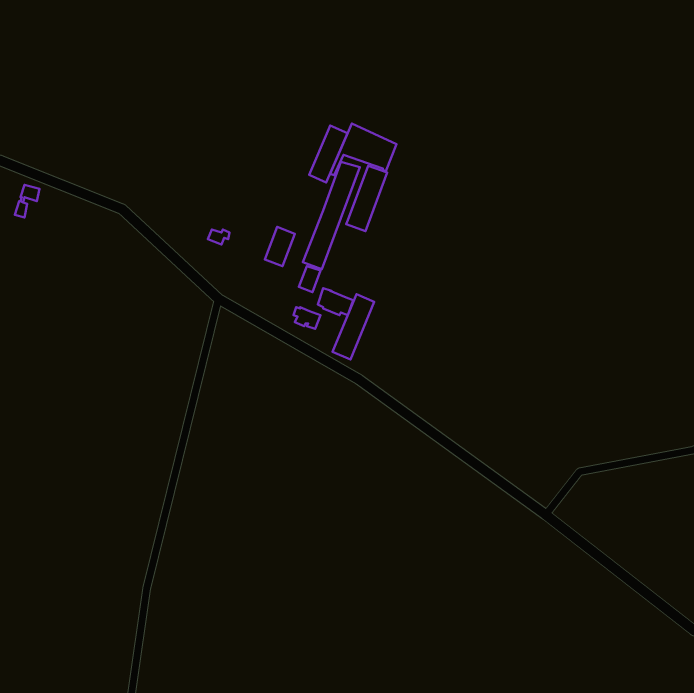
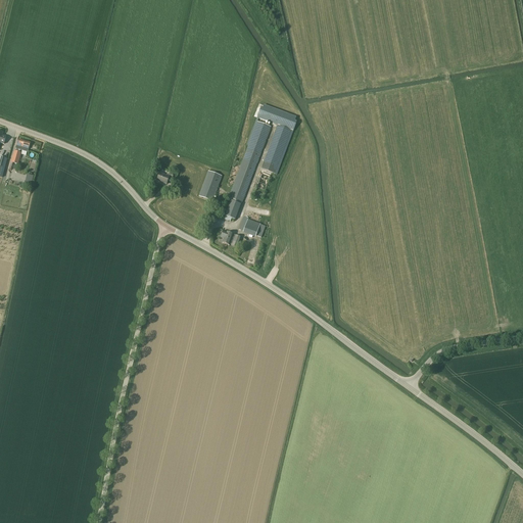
building: [309,126,348,183] -> none
building: [333,294,374,359] -> none

